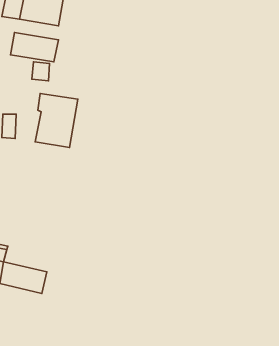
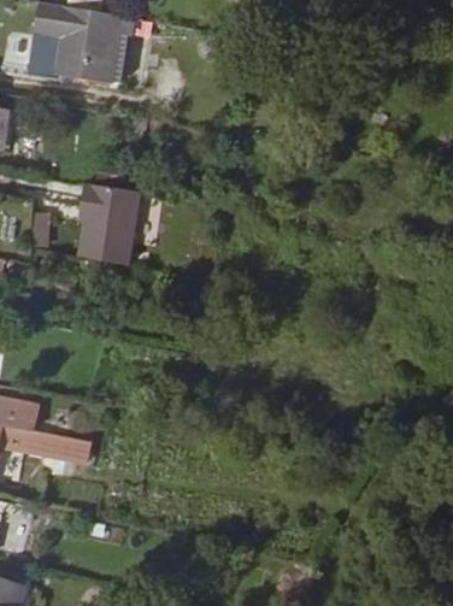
building: [11,32,58,62] -> none

